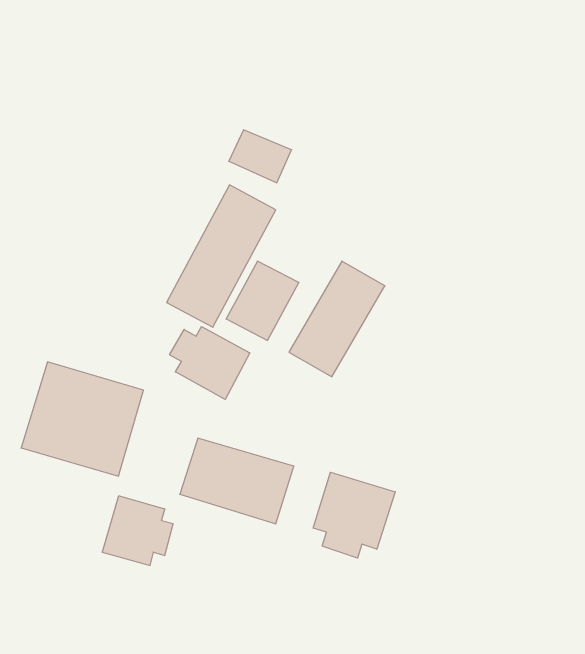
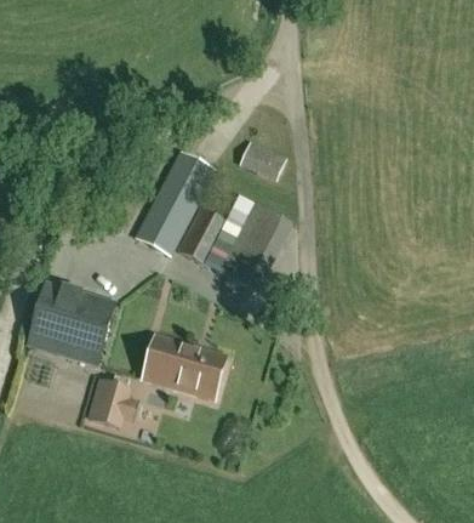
building: [229,130,292,183] -> [239,140,285,178]
building: [170,327,250,399] -> none
building: [313,472,395,558] -> none

